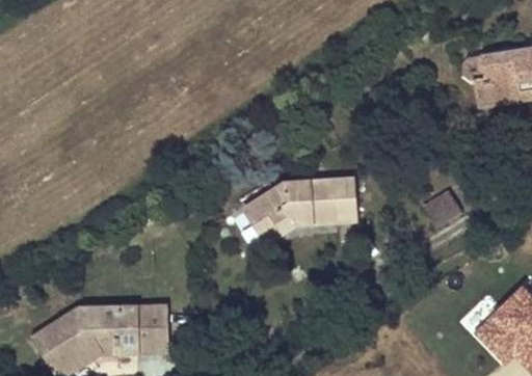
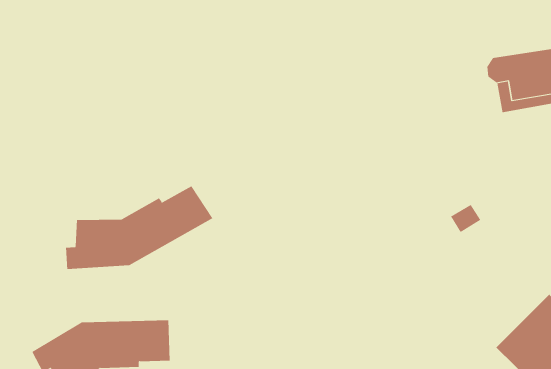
building: none -> [65,186,213,270]
building: [247,179,354,240] -> none

